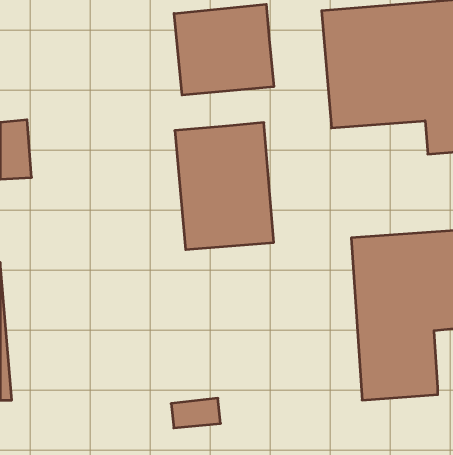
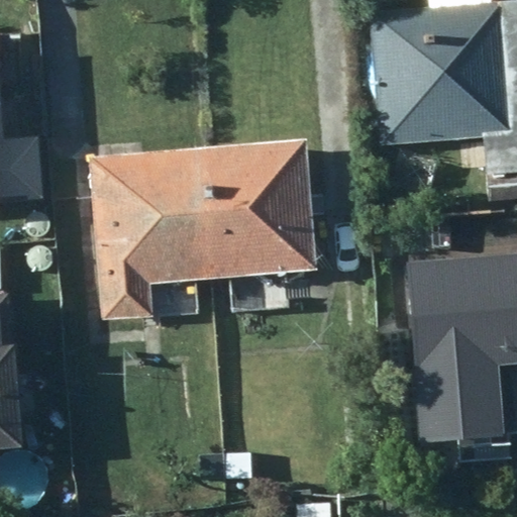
building: [174,4,274,95] -> none
building: none -> [90,146,216,317]

